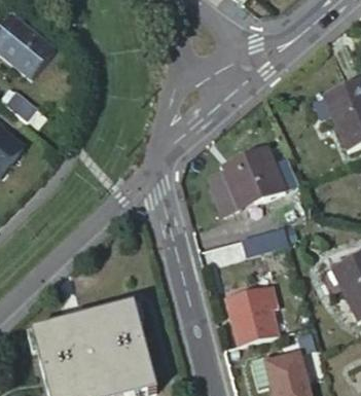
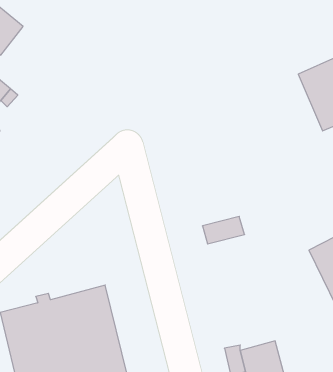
building: [209,146,296,217] -> none
building: [228,288,278,346] -> none

